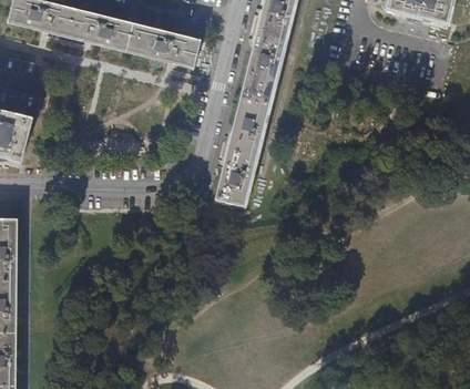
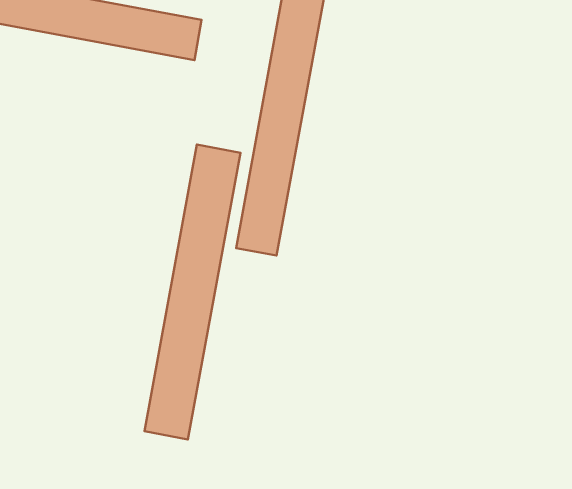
building: none -> [144,145,240,439]

